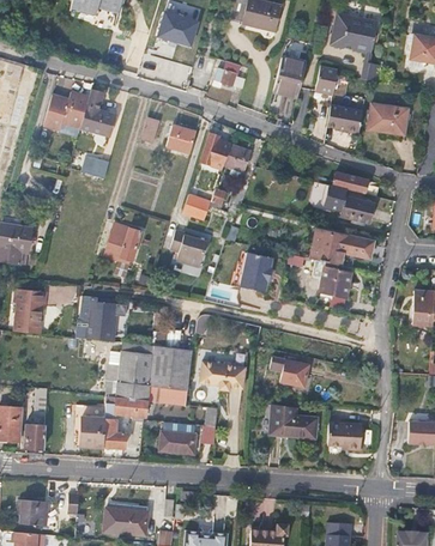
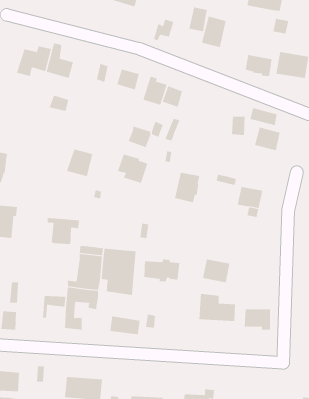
building: [314,65,338,96] -> [189,7,208,32]
building: [314,230,371,262] -> none
building: [80,417,104,445] -> none

